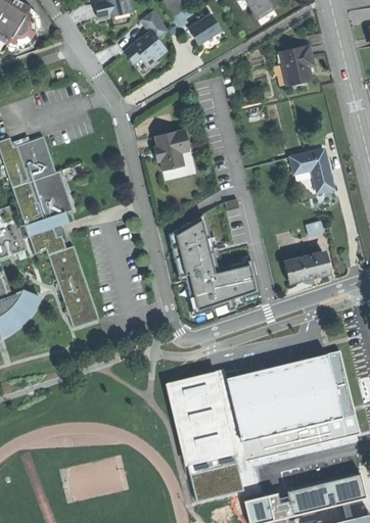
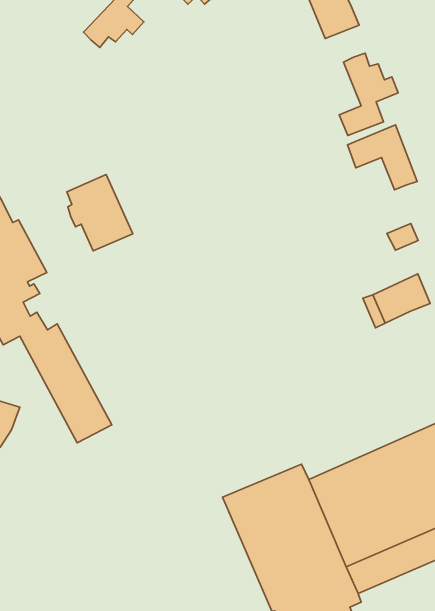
building: none -> [339,53,398,135]
building: [156,130,197,180] -> [67,175,133,251]
building: [170,218,264,315] -> none

